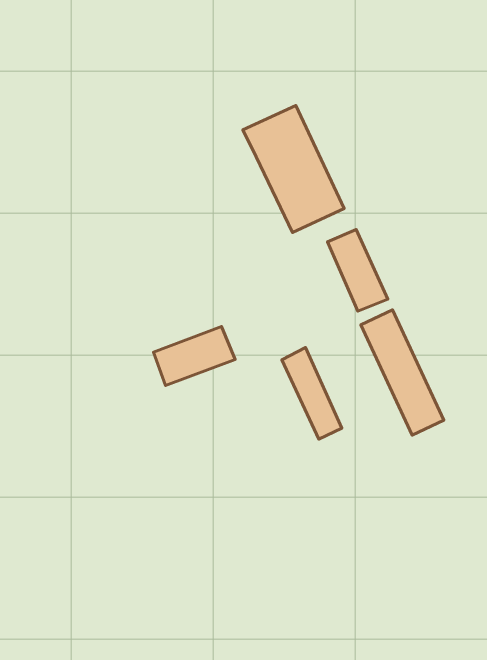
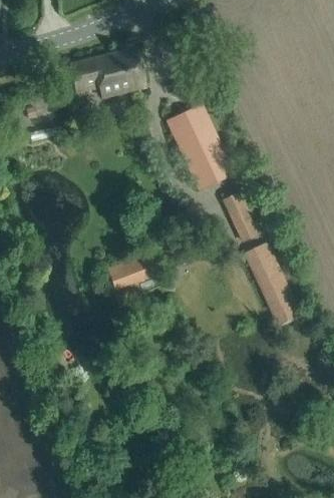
building: none -> [68,49,145,99]
building: [282,348,342,439] -> none

